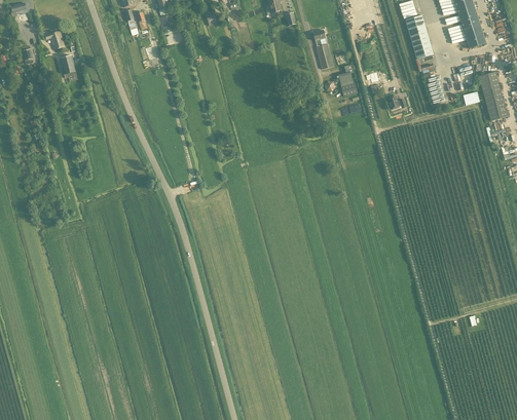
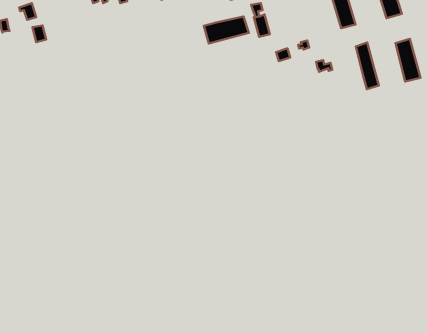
building: none -> [204,16,249,44]
building: none -> [356,42,379,89]

